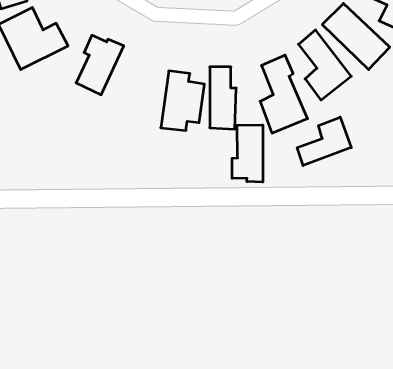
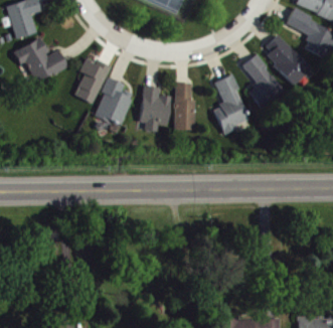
building: none -> [93,77,134,126]
building: [297,117,351,166] -> none
building: [232,125,263,182] -> none

